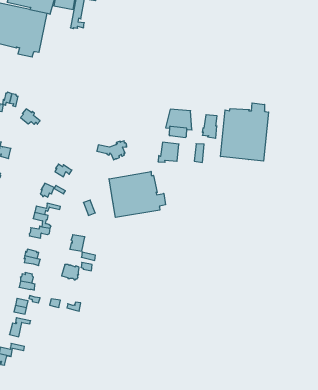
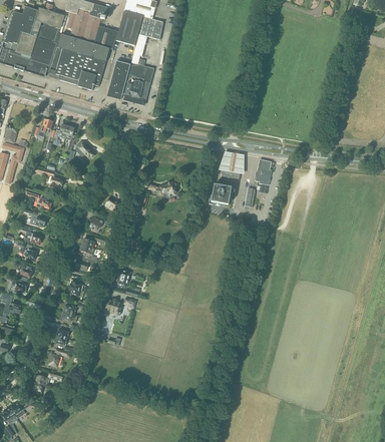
building: none -> [107,60,154,104]
building: [221,103,269,161] -> none
building: [109,171,165,217] -> none

